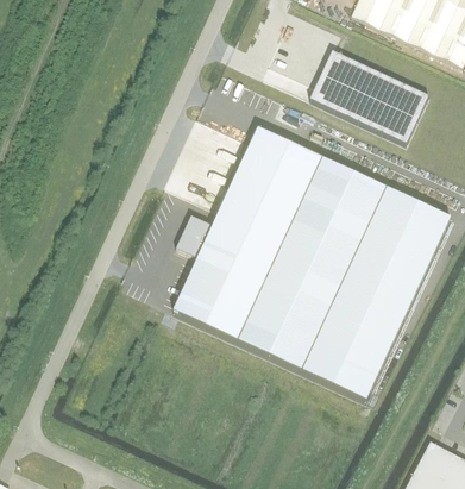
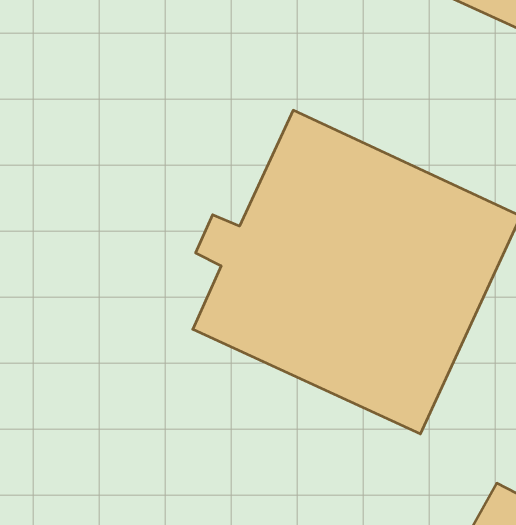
building: [307,49,426,142] -> none

